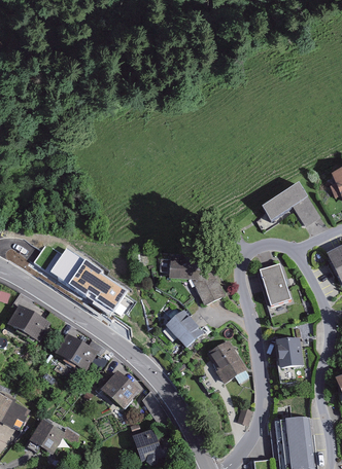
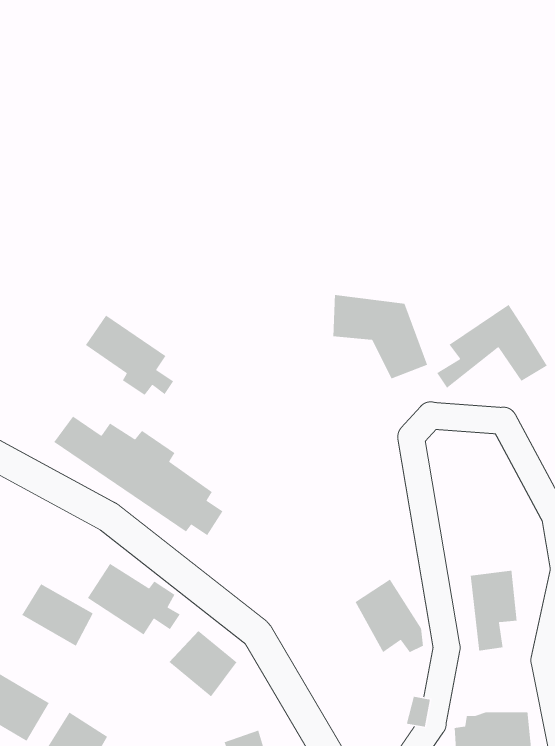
building: none -> [85,314,174,396]
building: [169,257,225,306] -> [333,294,428,379]
building: [260,262,290,304] -> none
building: [7,303,49,340] -> [21,583,94,647]
building: [165,309,203,347] -> none

